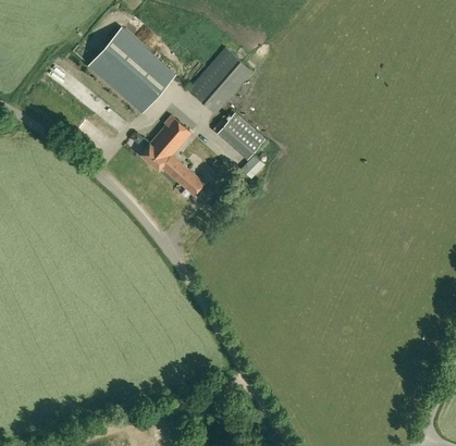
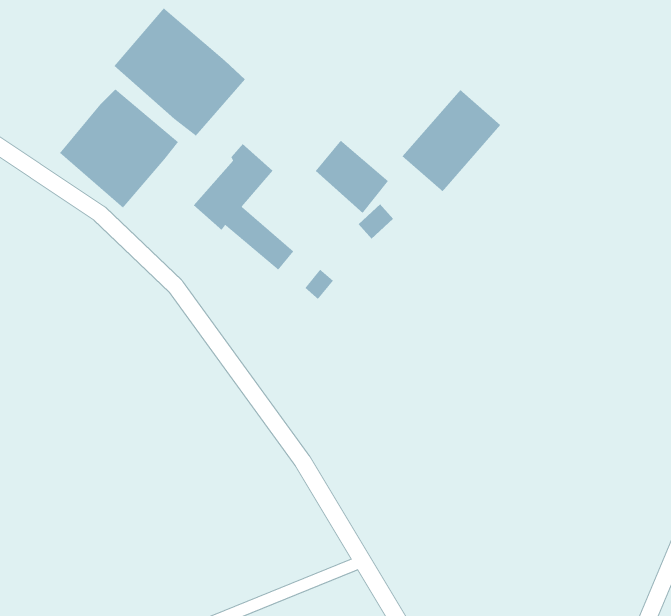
building: [188,48,251,113] -> [402,89,501,192]
building: none -> [59,88,179,209]

